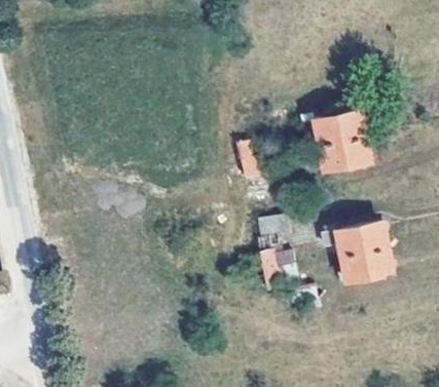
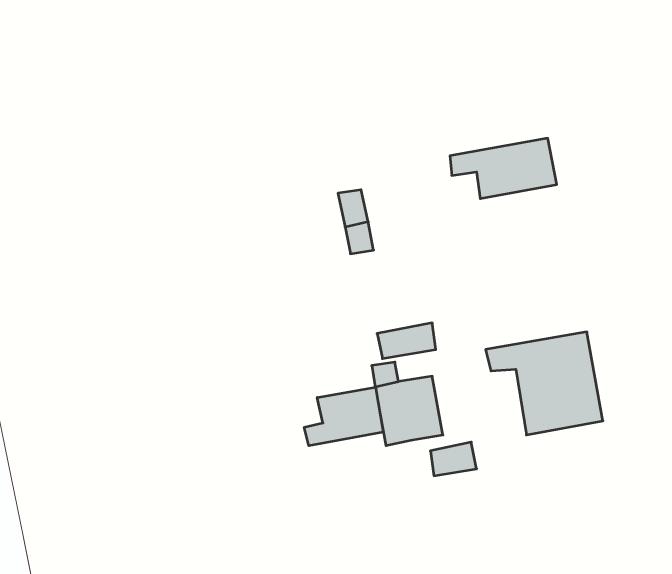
building: [320,138,369,170] -> none
building: none -> [304,387,383,446]

